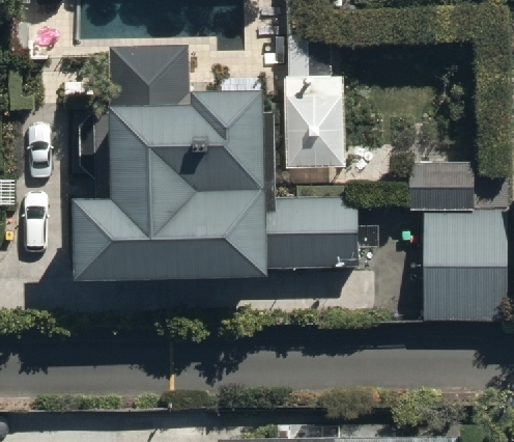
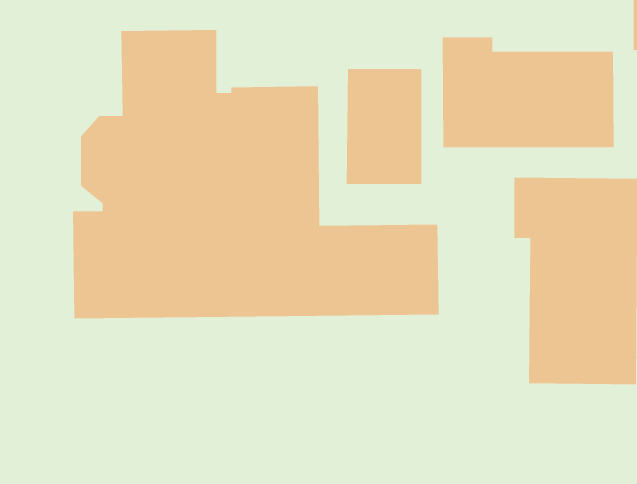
building: none -> [442,36,614,148]

